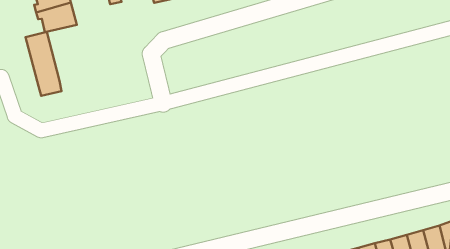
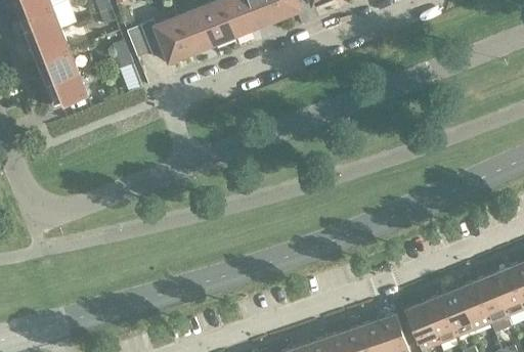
building: [25,32,61,96] -> none

